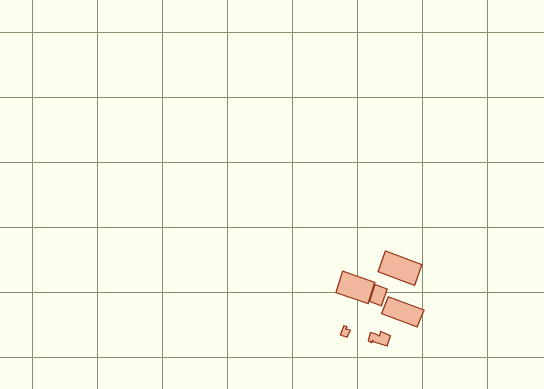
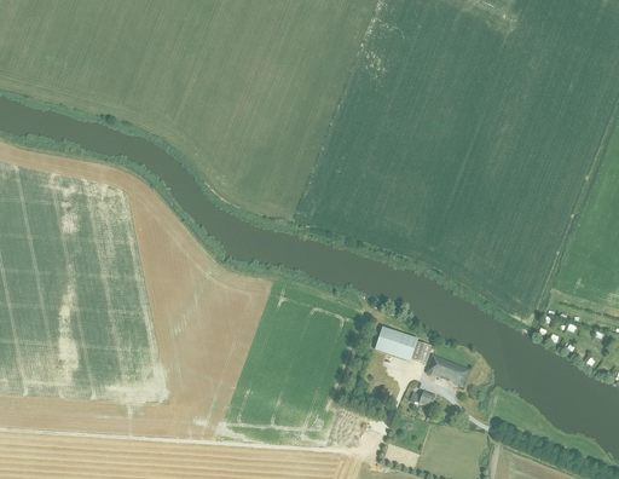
building: [378,251,422,285] -> none

